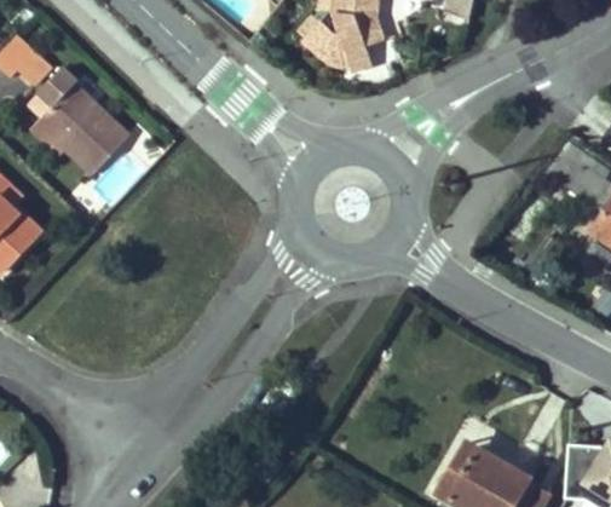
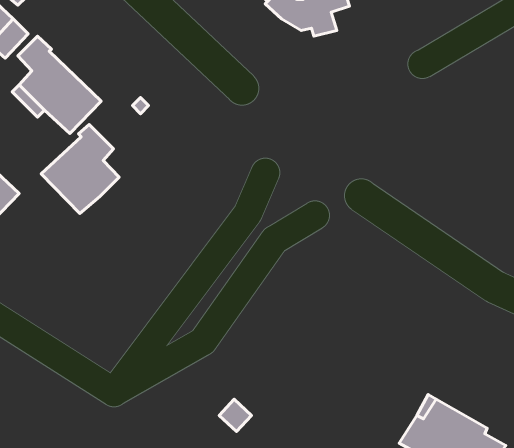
building: none -> [41,125,119,214]

